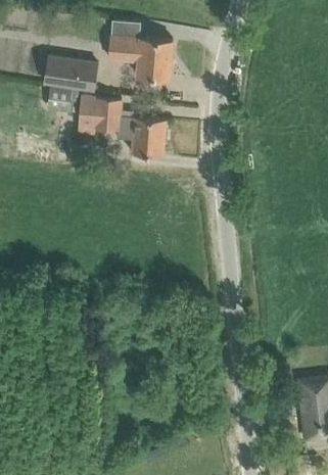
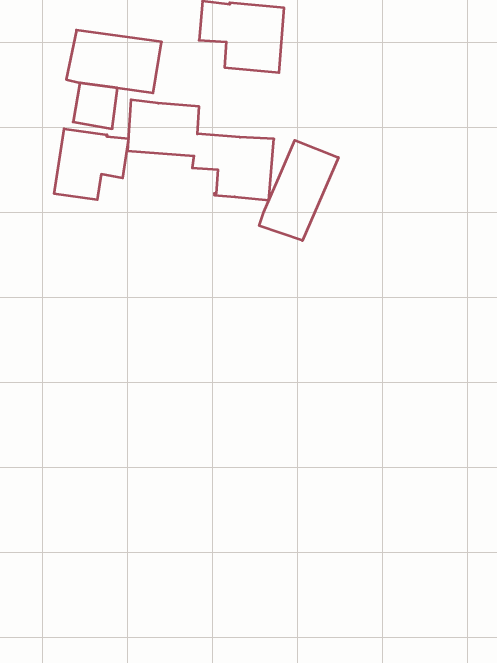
building: none -> [54,129,128,200]
building: none -> [259,140,338,241]

